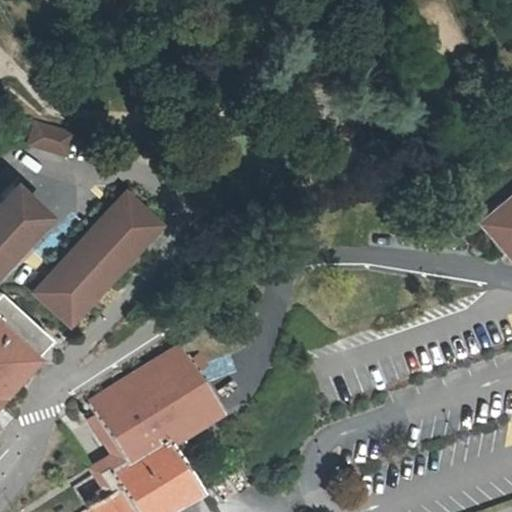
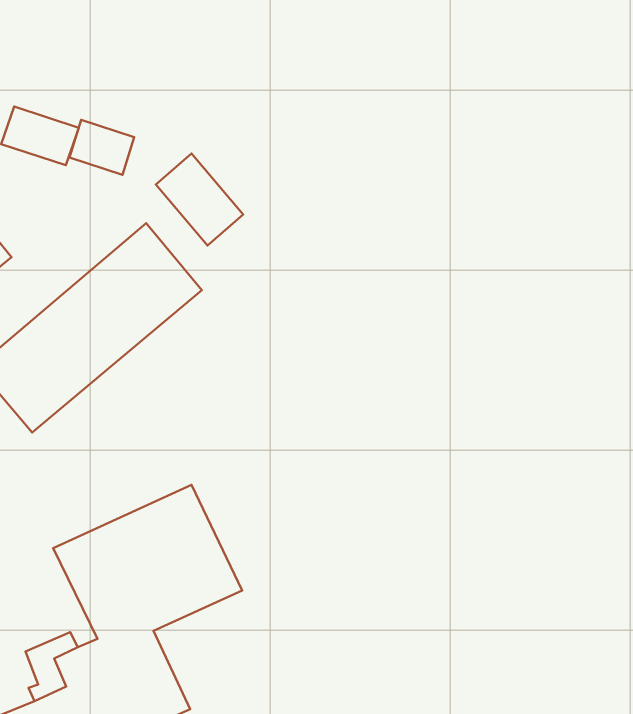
building: none -> [69,120,134,175]
building: none -> [156,154,243,246]

